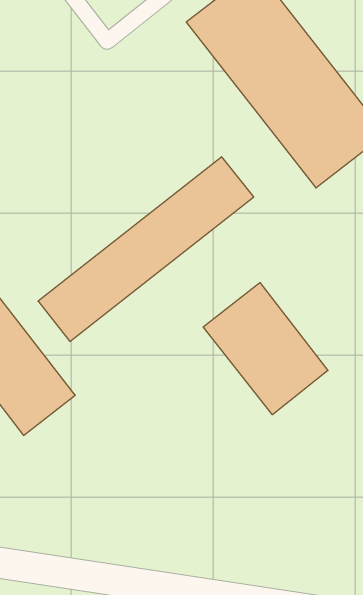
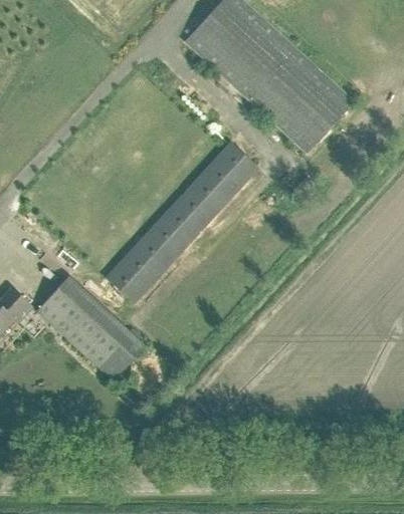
building: [203,283,328,415] -> none

